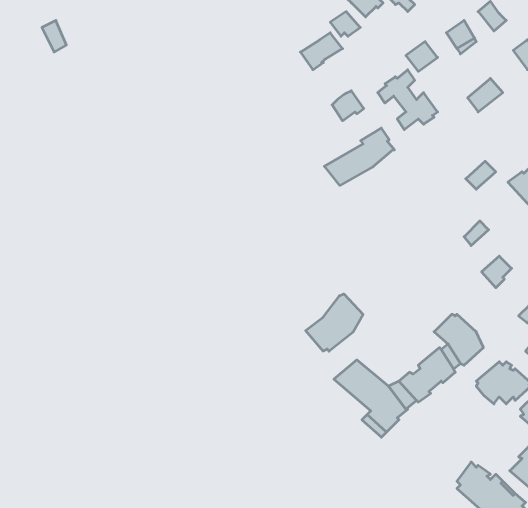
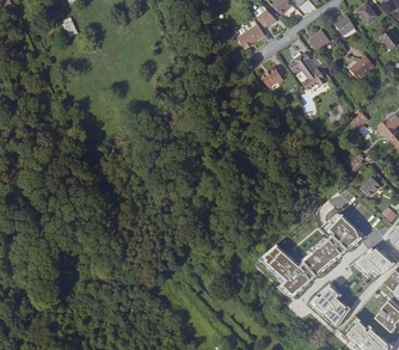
building: [324,128,394,185] -> none
building: [306,294,363,351] -> none
building: none -> [312,283,349,325]

